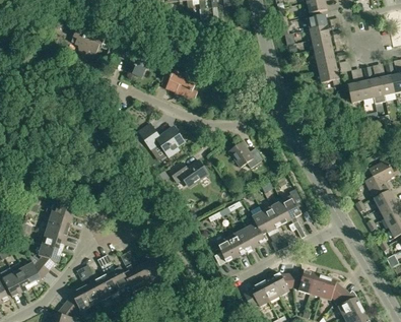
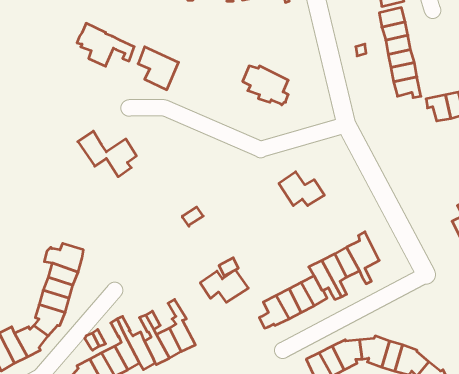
building: [161,69,197,100] -> [243,66,288,105]
building: [137,121,183,156] -> [78,131,136,177]
building: [170,160,207,186] -> [200,270,248,302]

